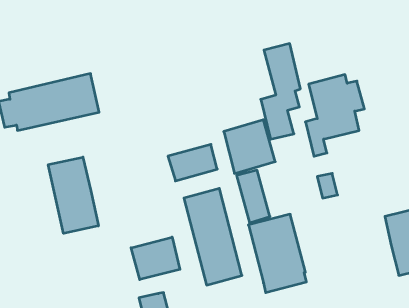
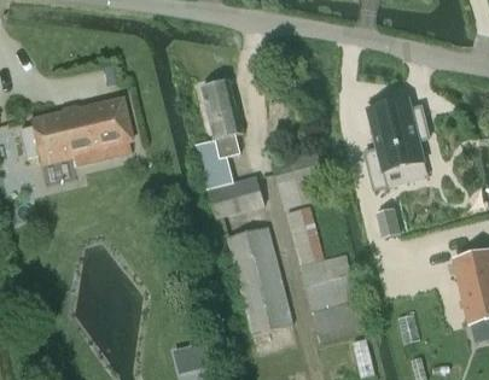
building: [261,44,300,139] -> [197,82,241,189]
building: [48,157,98,233] -> none
building: [131,237,180,280] -> none

